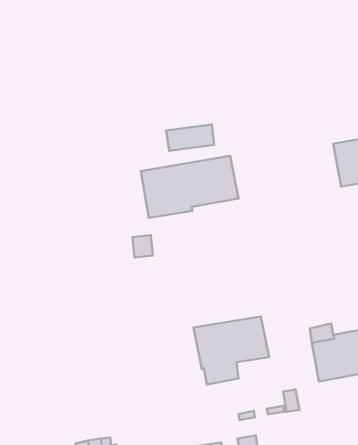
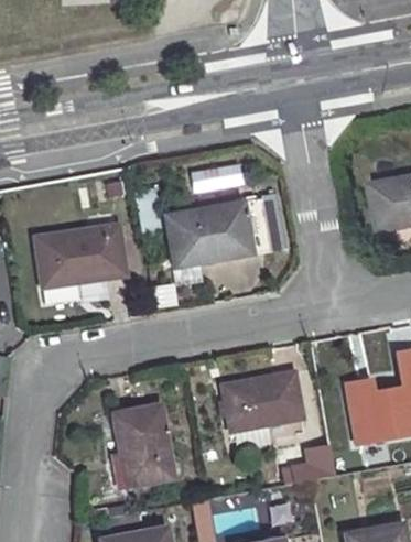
building: none -> [33,225,125,303]
building: none -> [108,404,171,486]

